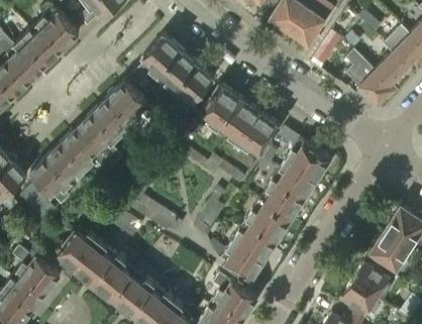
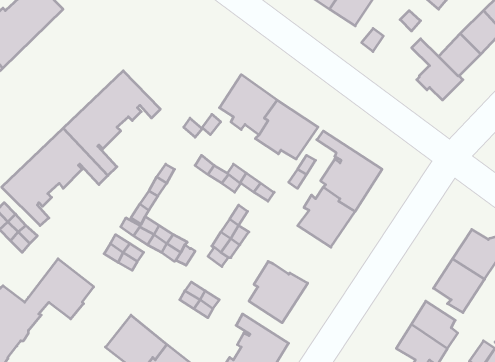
building: [134,35,214,111] -> none
building: [244,204,290,249] -> none
building: [85,252,132,300] -> none

